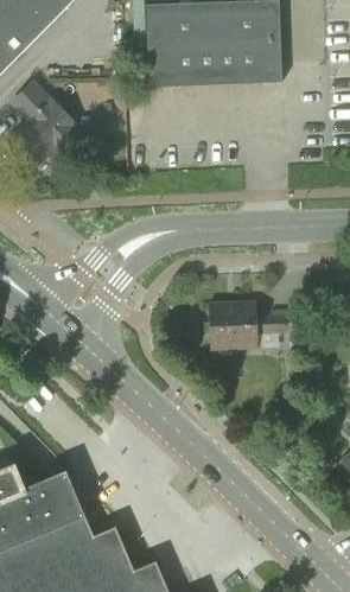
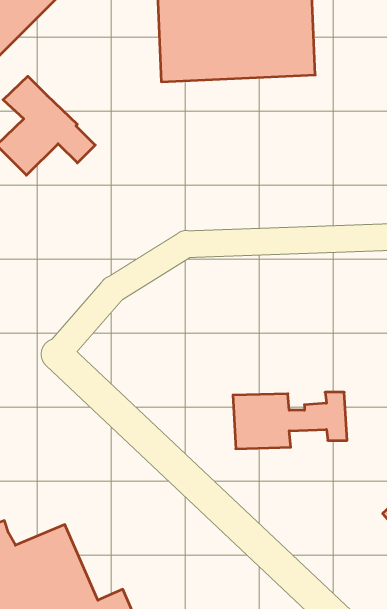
building: [208,300,306,349] -> [233,392,347,449]

